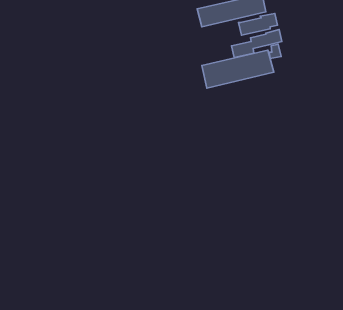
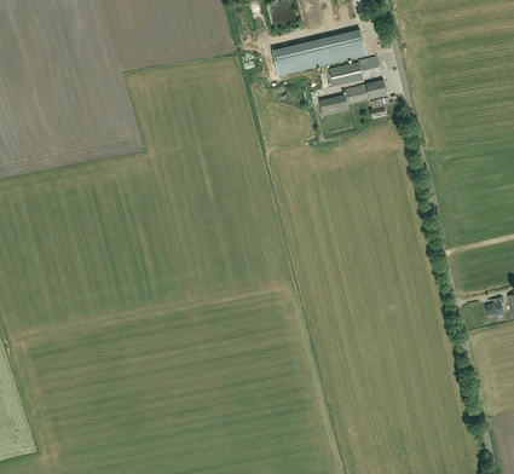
building: [202,50,274,88] -> none

